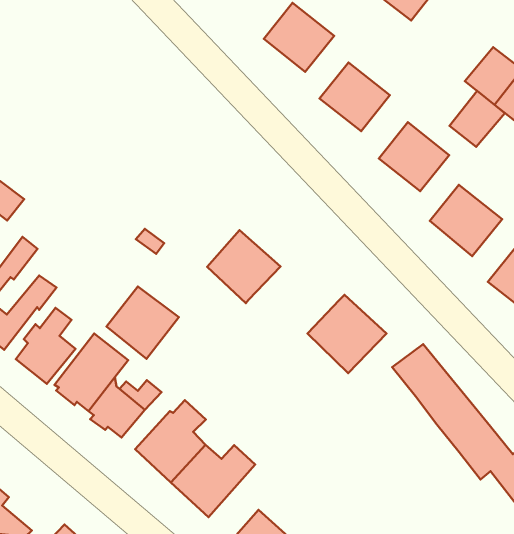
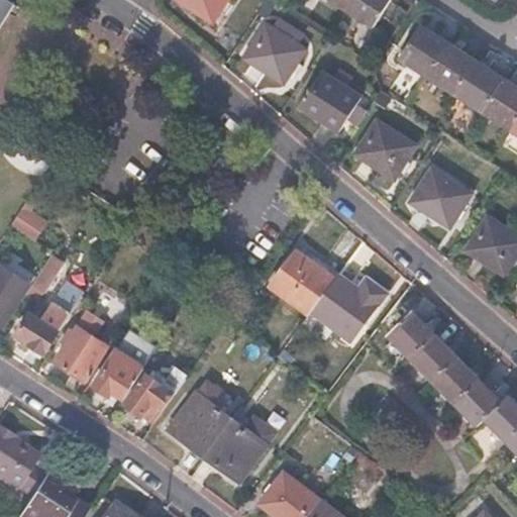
building: [450,91,505,147] -> [400,26,447,76]
building: [207,230,280,303] -> [270,251,334,315]
building: [106,286,179,359] -> none

